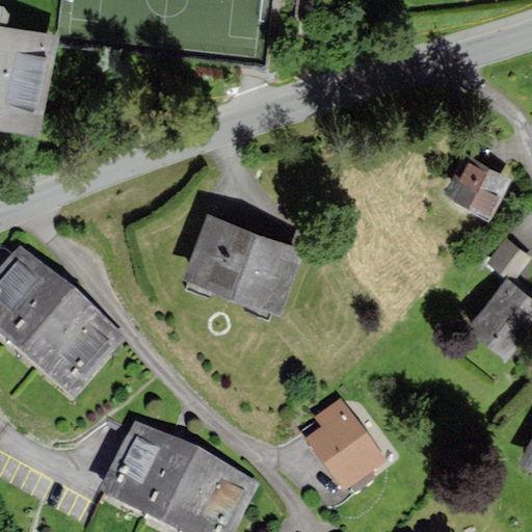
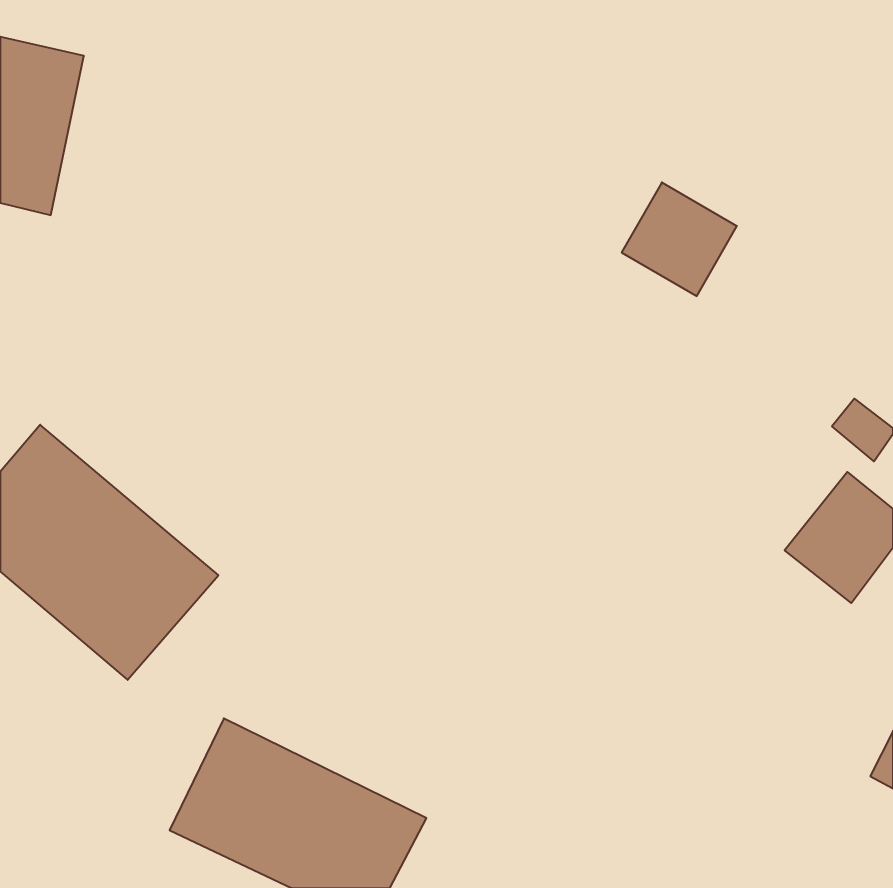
building: [449,149,517,216] -> [622,182,737,296]
building: [182,213,299,311] -> none
building: [303,401,396,498] -> none

